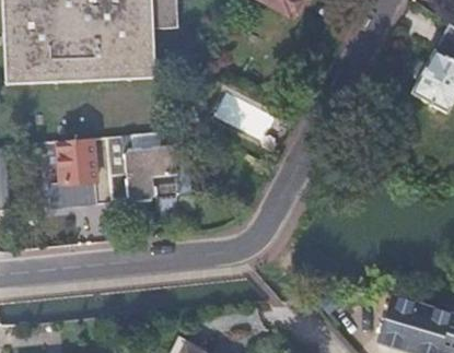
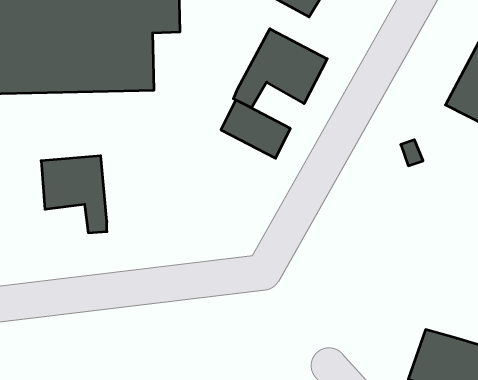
building: none -> [233,29,327,108]
building: [106,134,190,208] -> none

